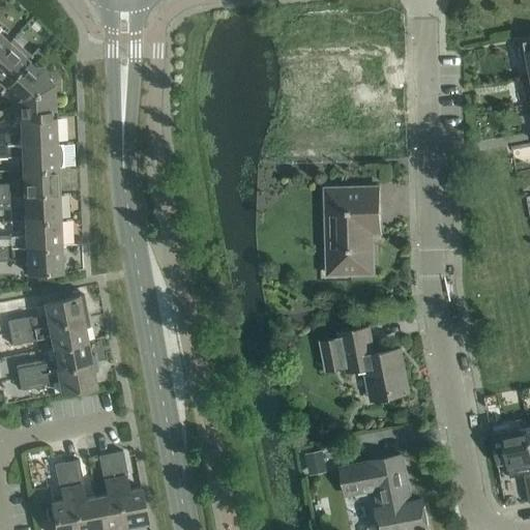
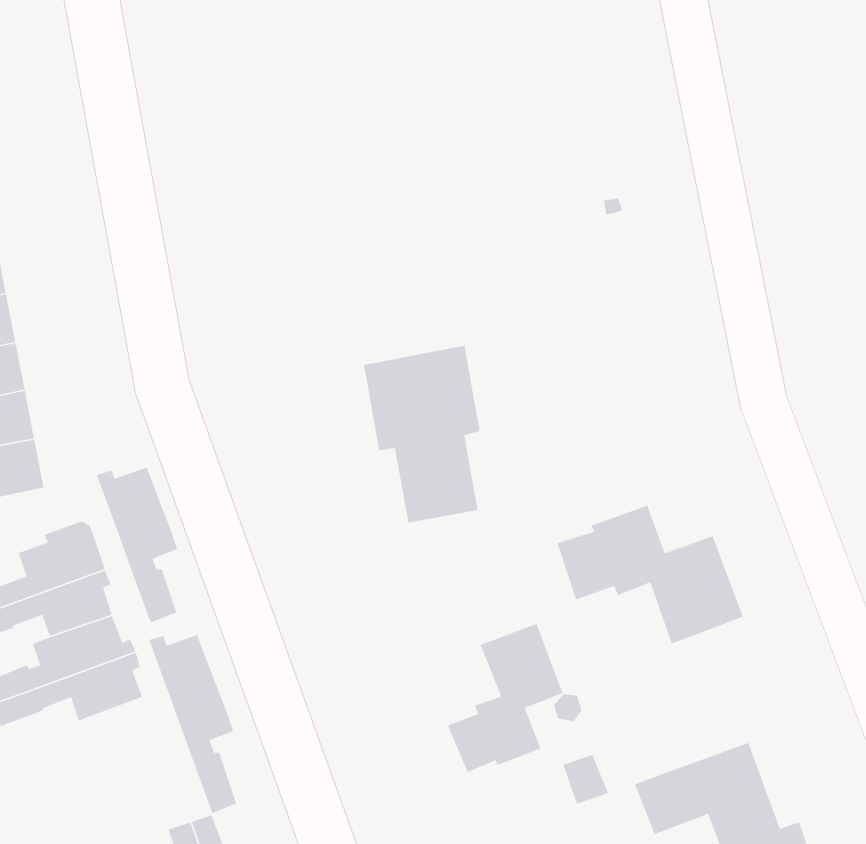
building: [326,187,381,274] -> [363,345,481,523]
building: none -> [96,467,178,623]
building: none -> [148,634,237,814]
building: none -> [447,623,563,773]

